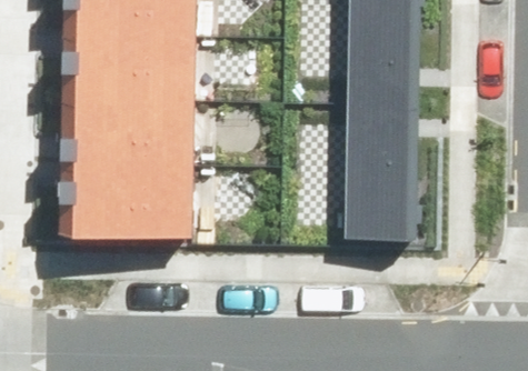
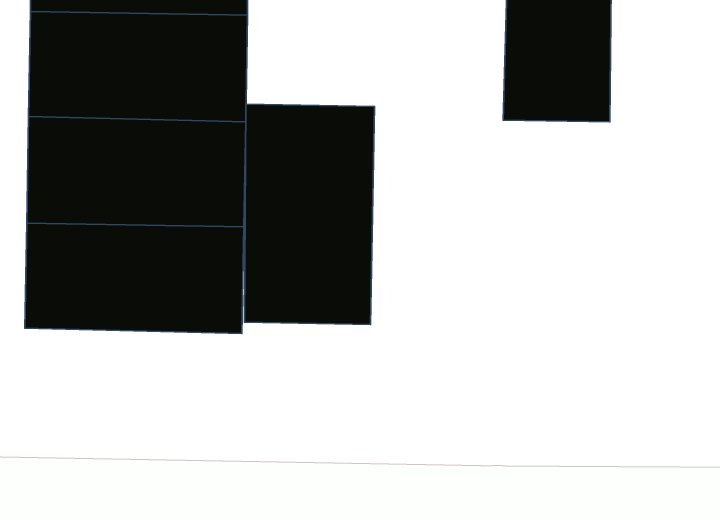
building: none -> [244,104,374,324]
building: [347,96,415,225] -> none

